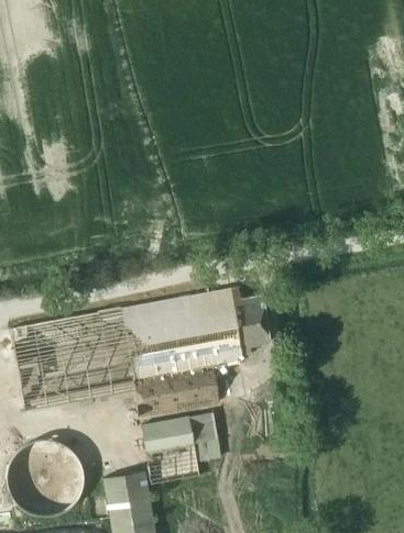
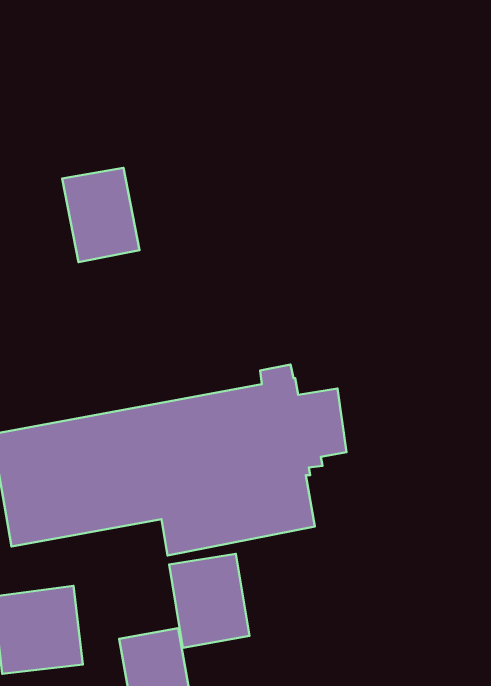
building: none -> [62,168,140,262]
building: [189,410,220,459] -> none

